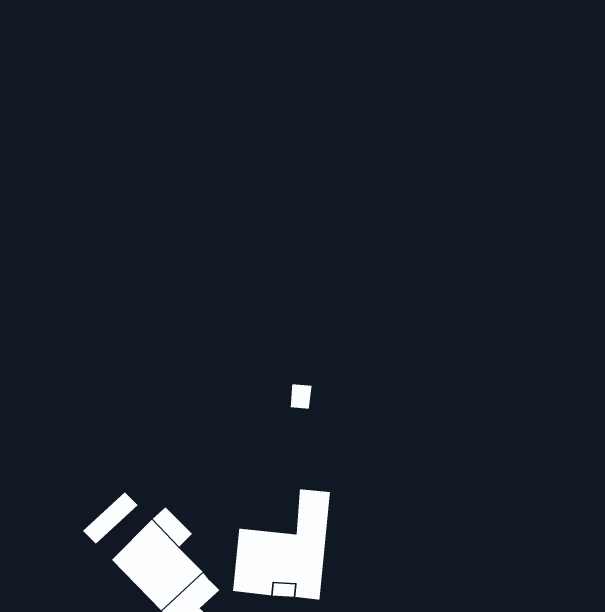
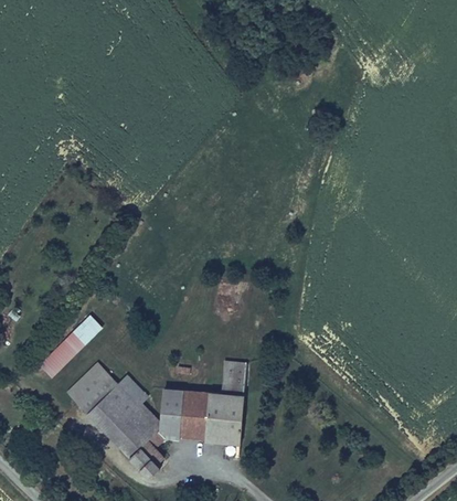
building: none -> [42,315,103,374]
building: none -> [76,373,117,413]
building: none -> [159,388,180,436]

